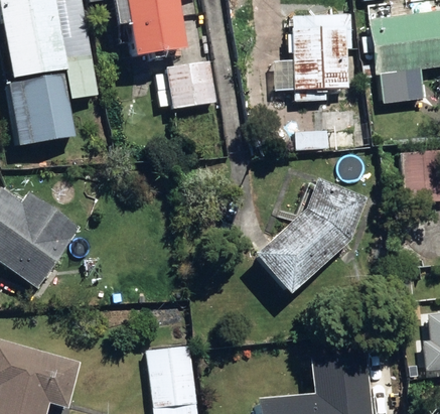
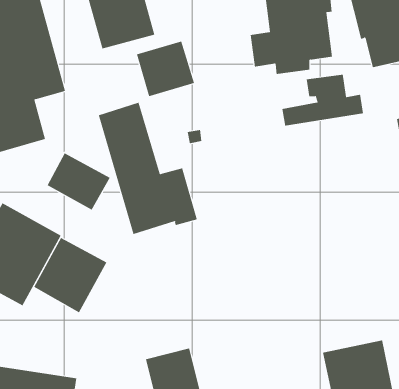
building: none -> [98,102,198,235]
building: none -> [47,152,111,210]
building: [255,178,368,295] -> none
building: none -> [34,237,107,313]

